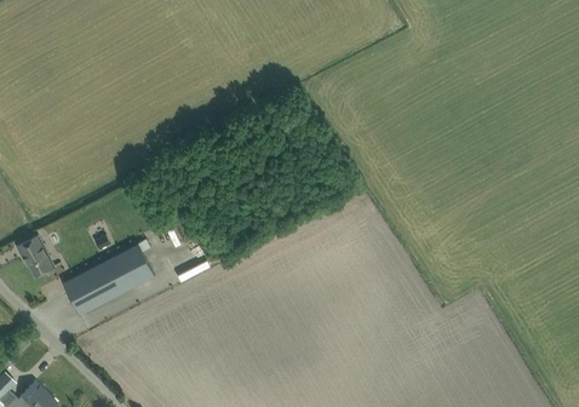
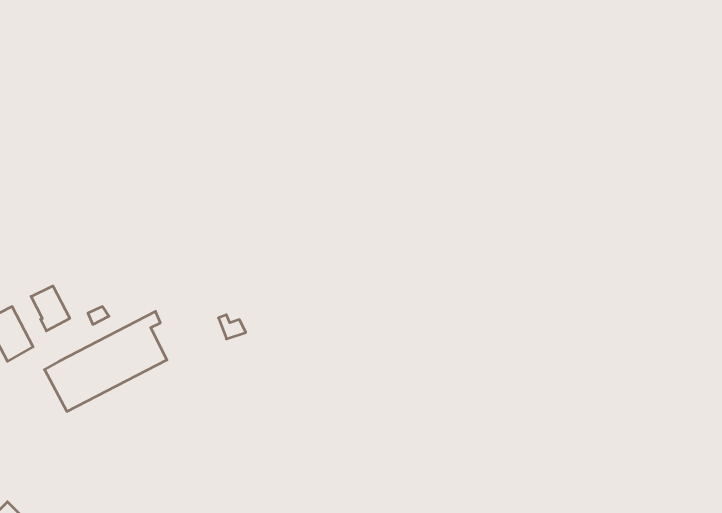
building: none -> [31,286,70,331]

